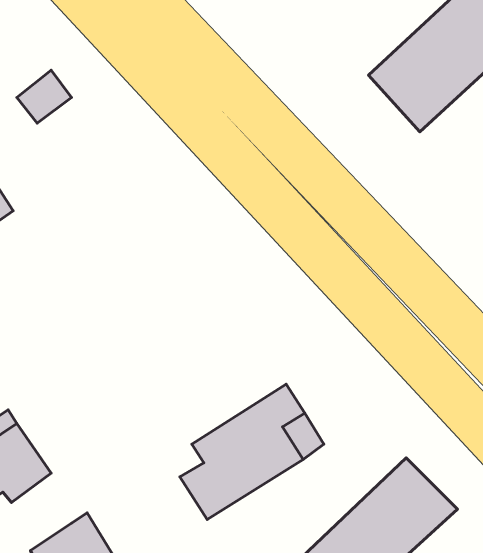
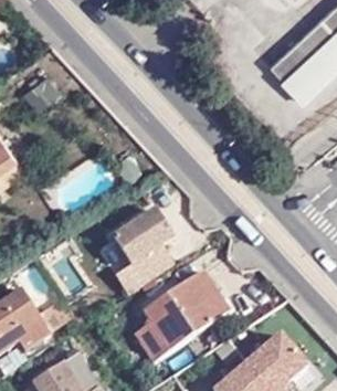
building: none -> [115,209,176,295]

